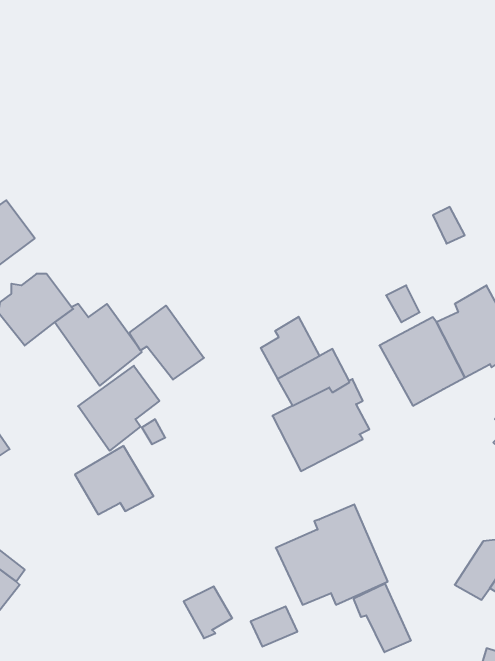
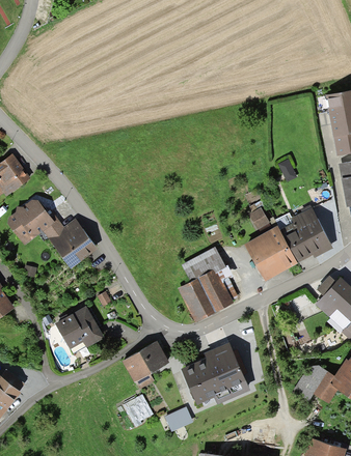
building: [130,306,204,380] -> none
building: [261,317,320,379] -> none
building: [78,366,159,451] -> none
building: none -> [122,340,169,388]
building: [354,584,411,652] -> none

